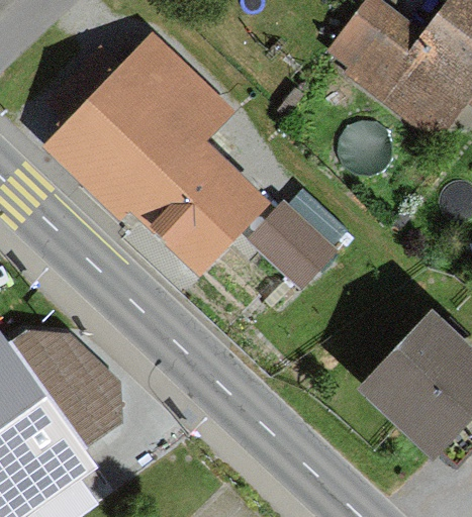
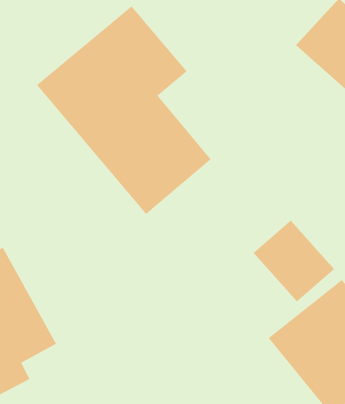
building: [245,179,340,271] -> [253,220,335,302]

